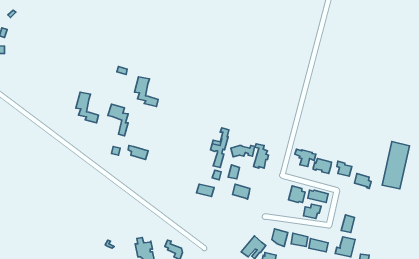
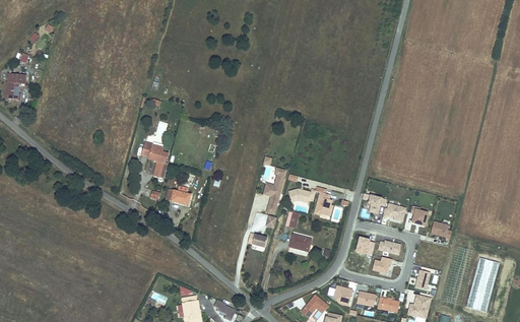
building: [134,77,158,107] -> none
building: [76,92,99,123] -> none
building: [382,141,409,189] -> [466,257,498,312]

